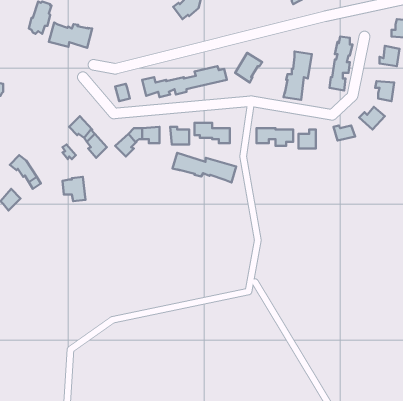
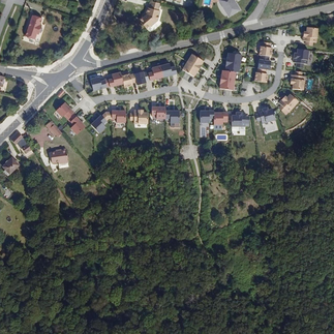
building: [49,23,92,48] -> none
building: [173,153,236,182] -> none

